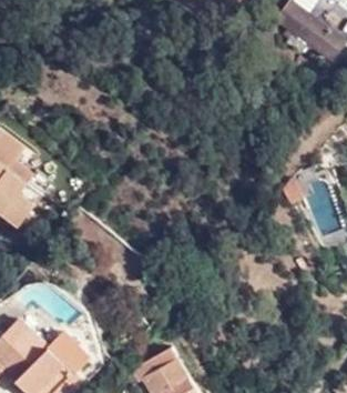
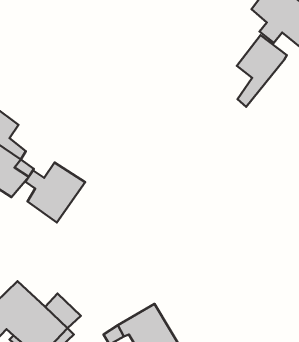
building: none -> [237,35,287,107]
building: none -> [26,162,85,223]

